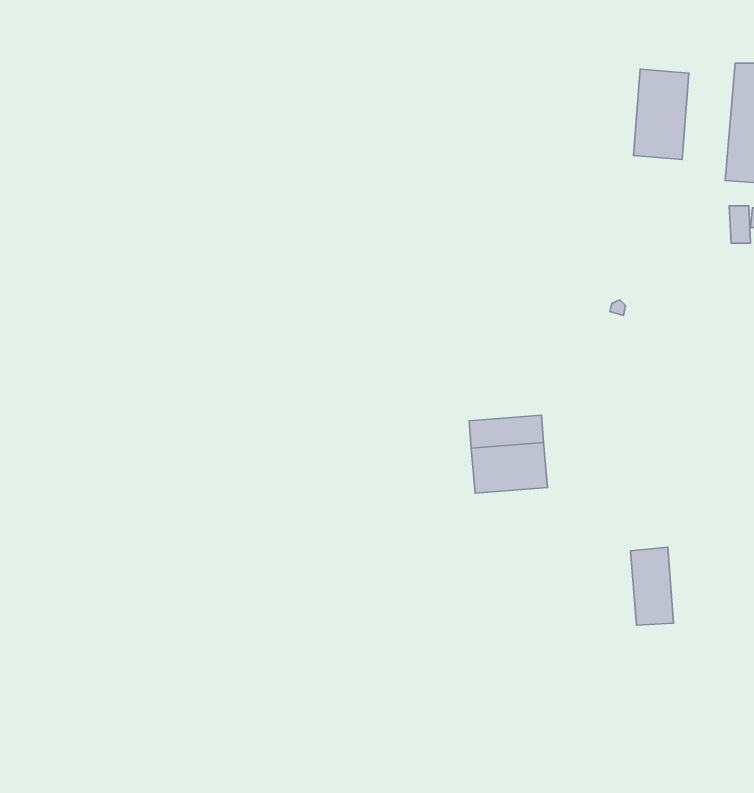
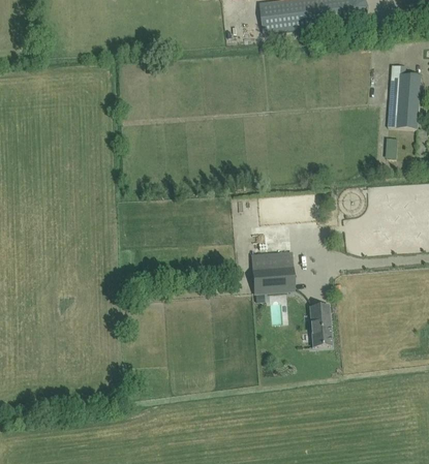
building: [634,69,689,160] -> none
building: [631,547,674,625] -> [309,305,332,346]

